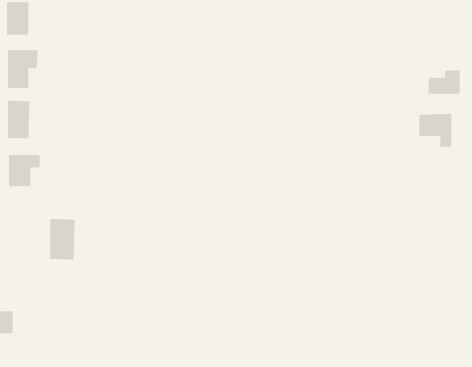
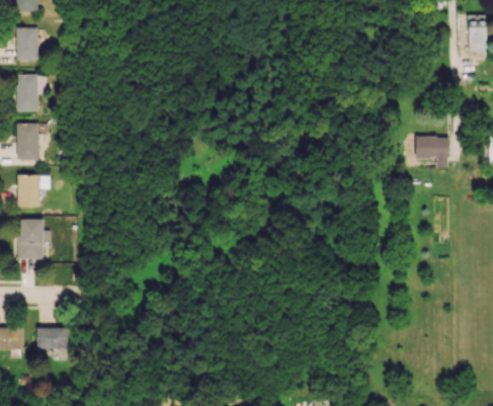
building: [428,69,460,94] -> none
building: [49,218,76,260] -> [19,219,45,259]
building: none -> [36,327,68,359]

